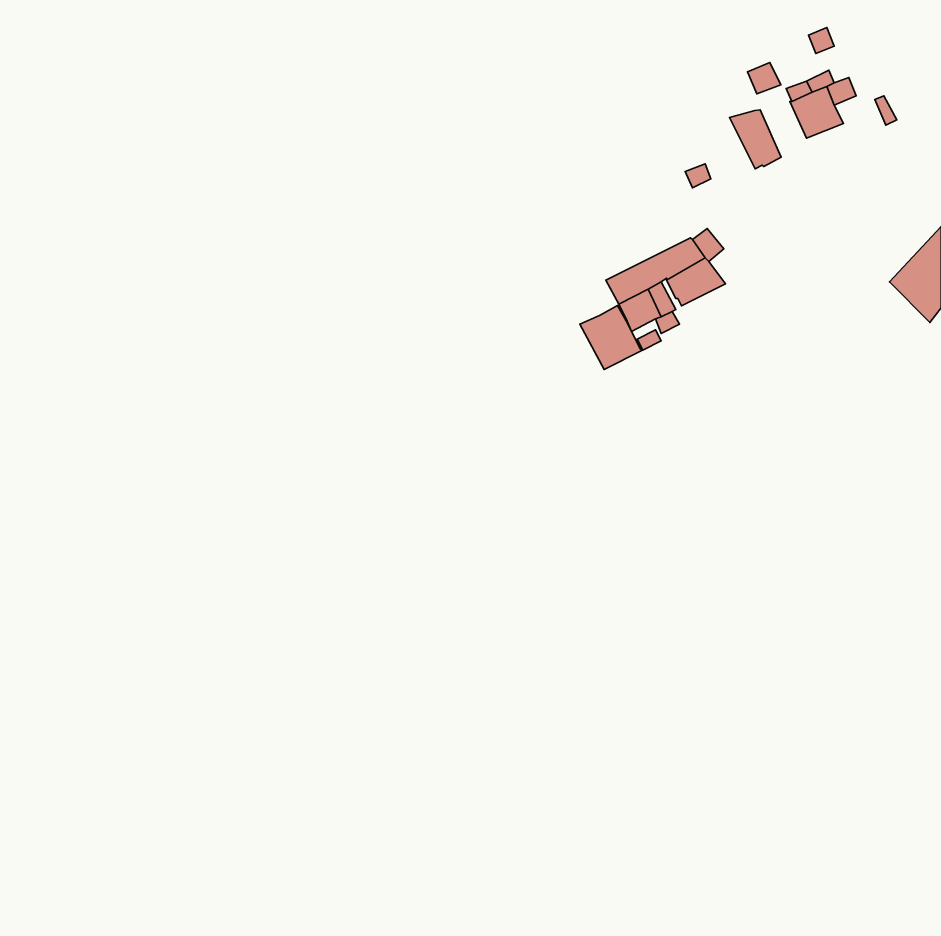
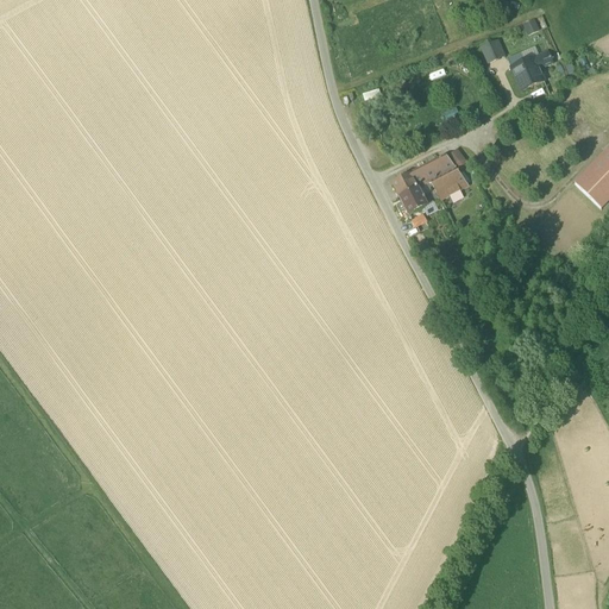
building: [729,110,781,169] -> none
building: [580,305,642,369] -> none

